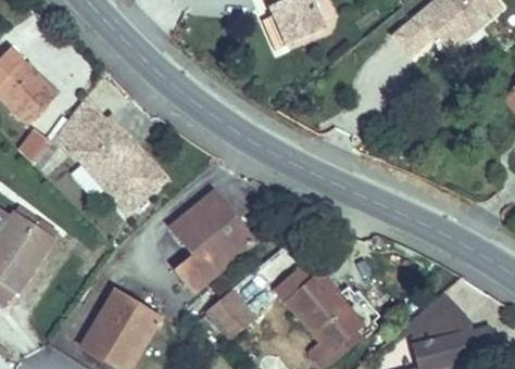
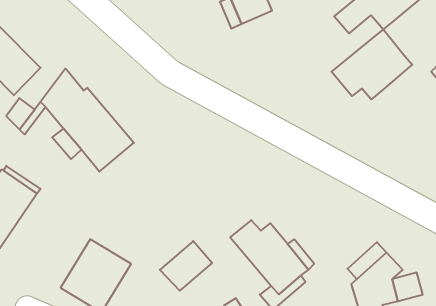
building: none -> [331,30,412,99]
building: [171,192,253,290] -> none

